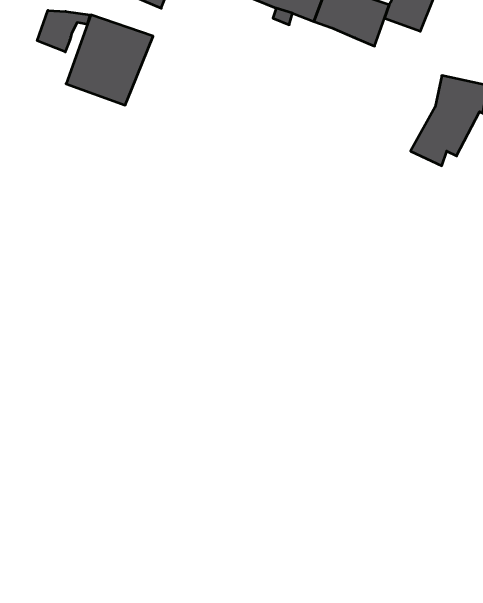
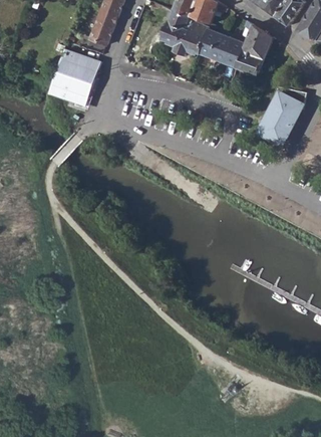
building: [37,10,90,52] -> none
building: none -> [236,50,264,75]

